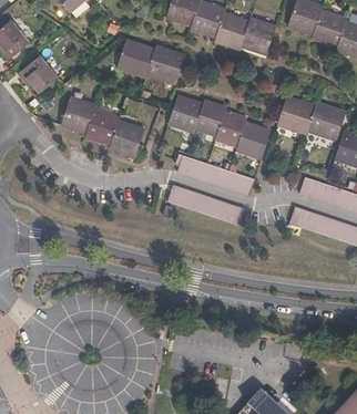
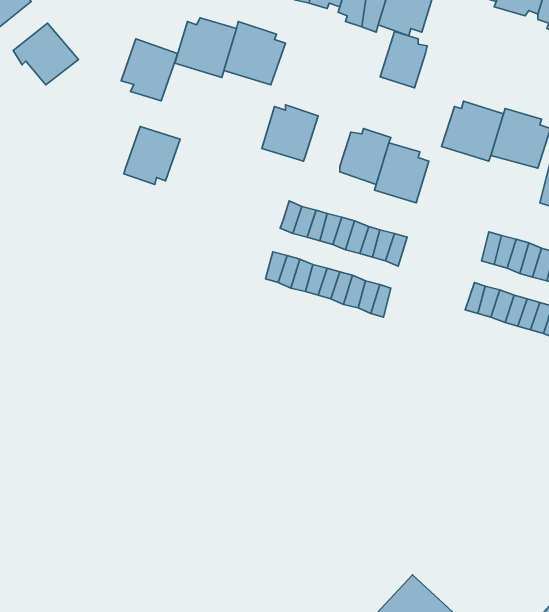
building: [62,101,96,138] -> [121,39,178,101]
building: [196,103,225,137] -> [380,31,427,88]
building: [111,124,144,162] -> none

